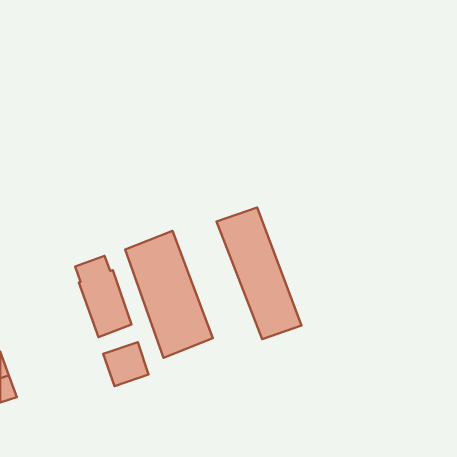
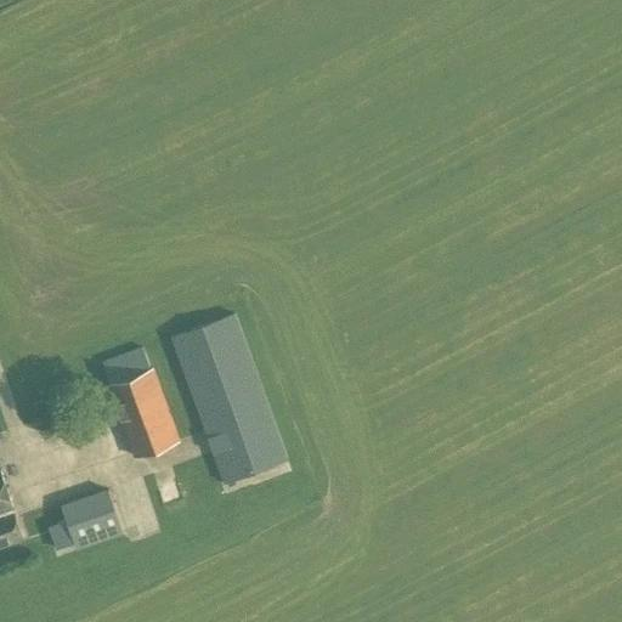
building: [216,207,302,339] -> none
building: [103,342,149,386] -> [61,487,123,547]

